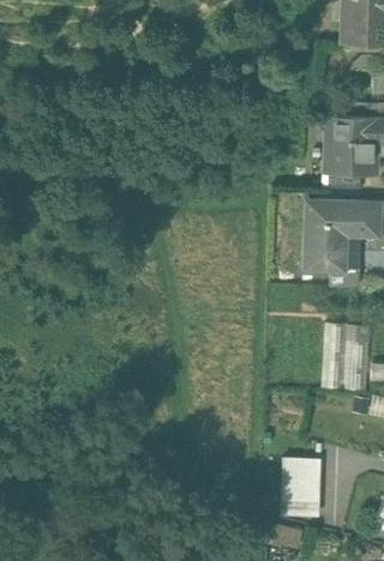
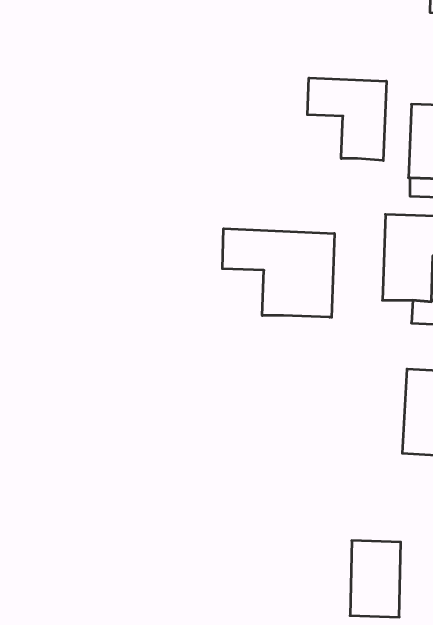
building: none -> [307,78,386,161]
building: none -> [222,229,334,317]

